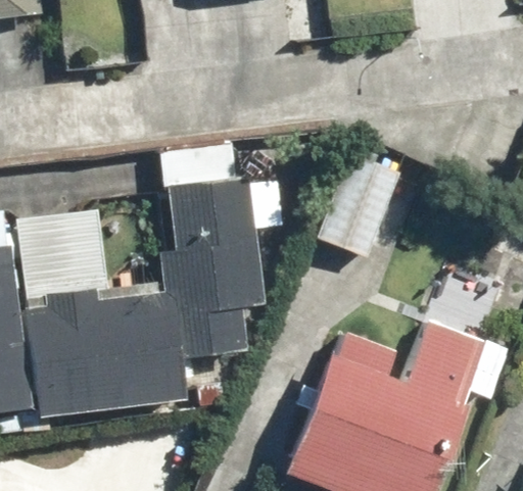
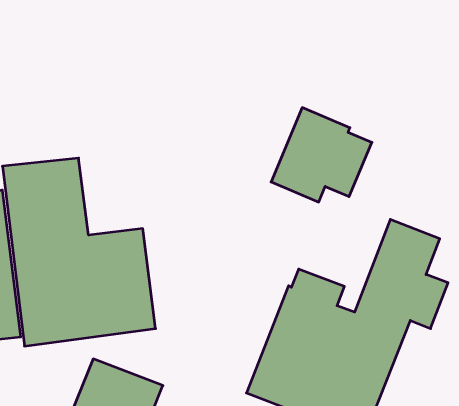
building: [157,140,265,358] -> none

